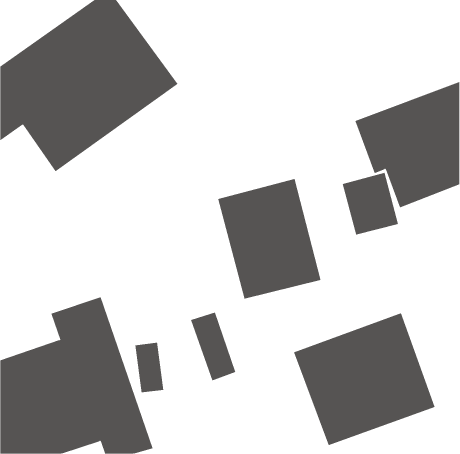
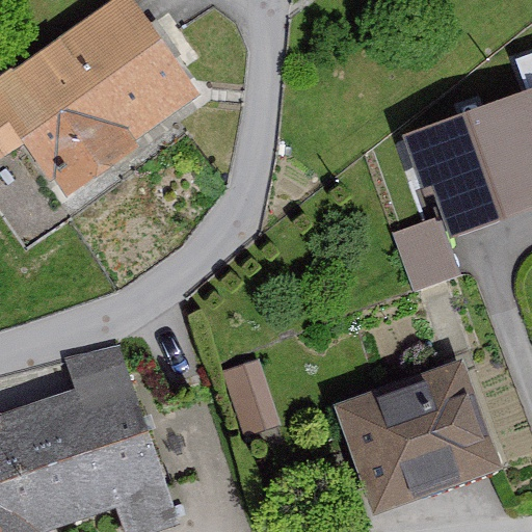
building: [218,178,321,300] -> none

